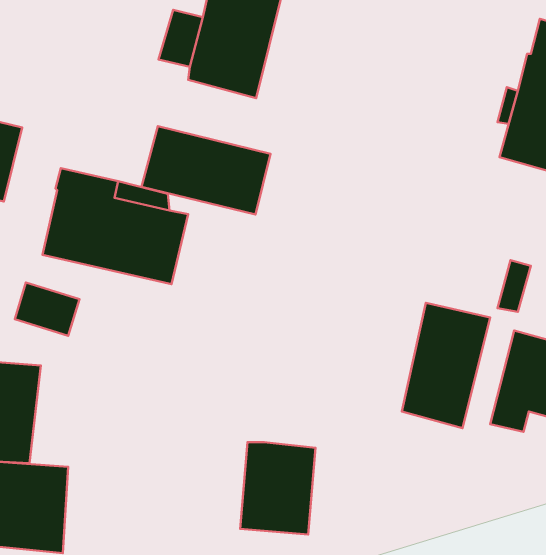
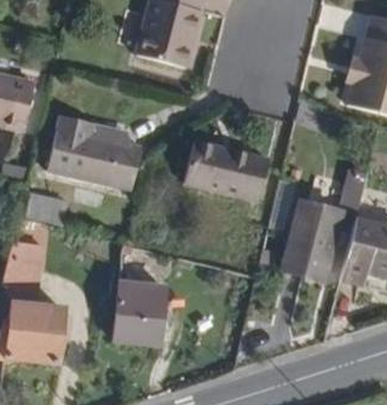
building: [141,126,270,215] -> [187,141,272,199]
building: [240,442,316,534] -> [114,279,163,340]

